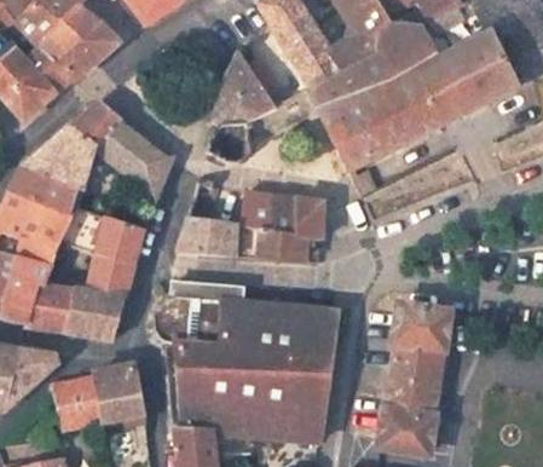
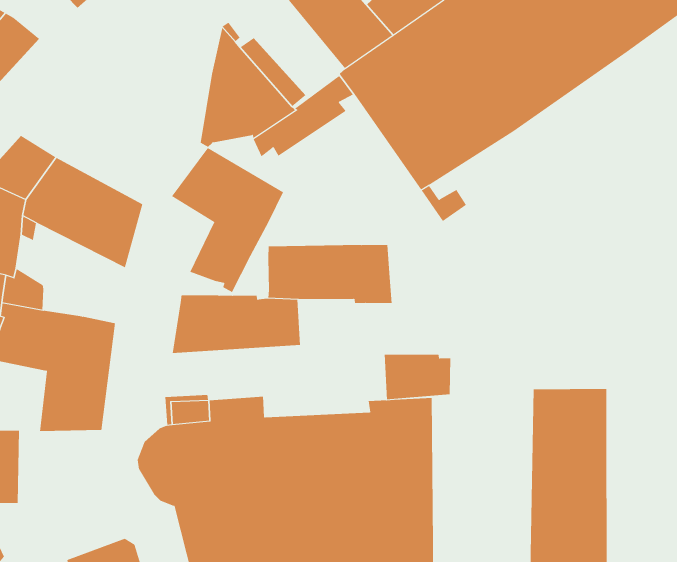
building: none -> [171,147,284,293]
building: [259,230,304,261] -> [384,354,451,400]
building: [67,288,126,340] -> none

